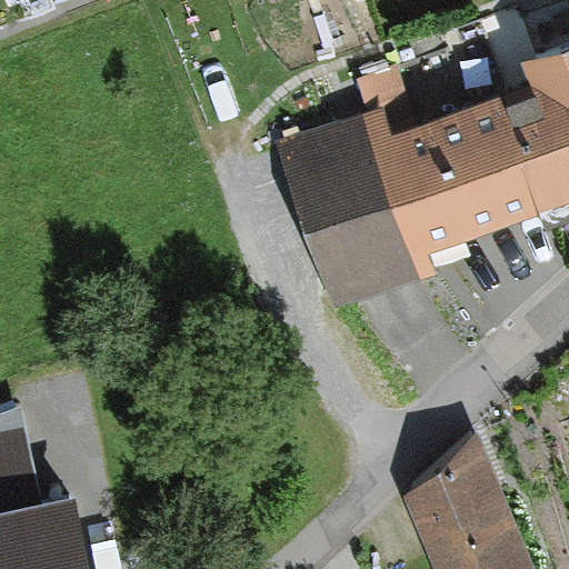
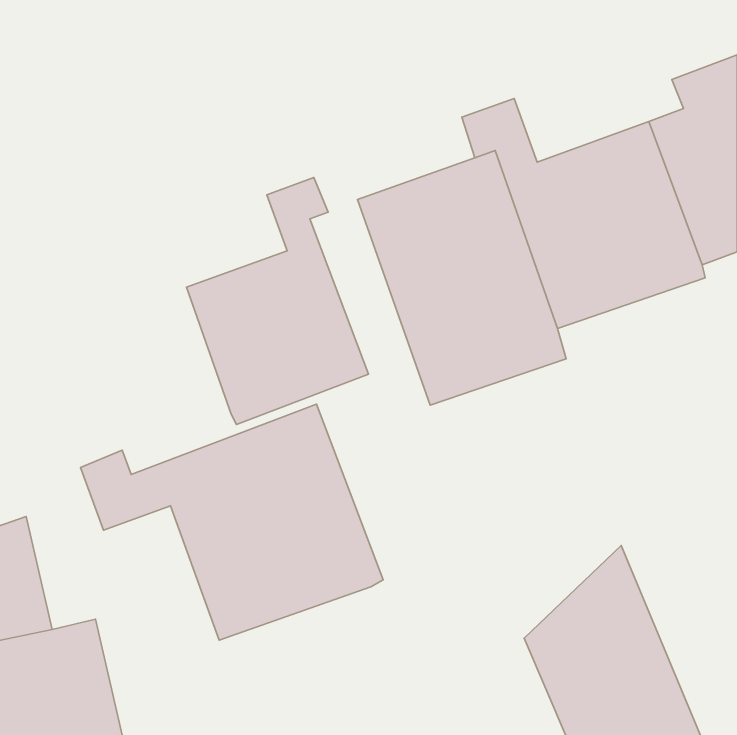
building: none -> [186,178,368,425]
building: none -> [81,404,383,640]

